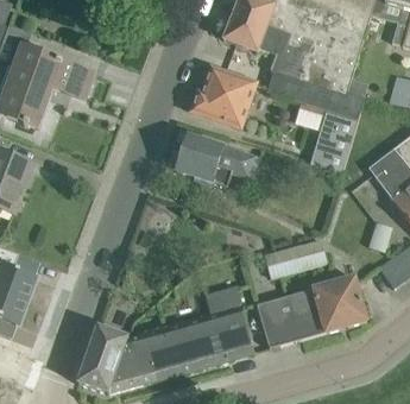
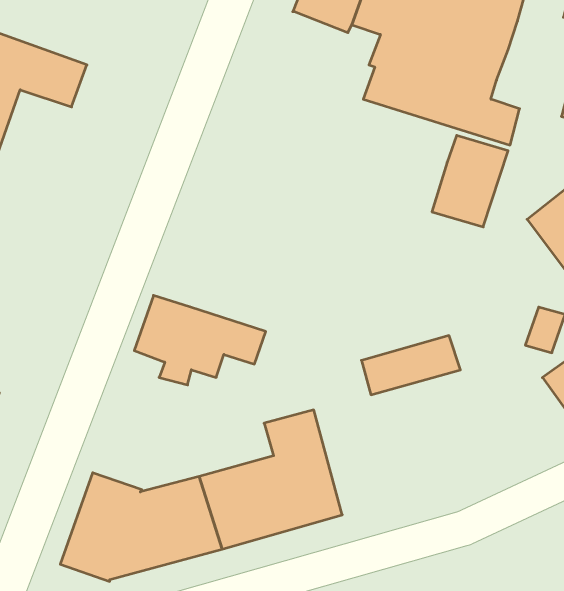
building: [191,65,256,126] -> none
building: [176,134,258,190] -> [134,295,266,385]
building: [257,276,366,347] -> none

